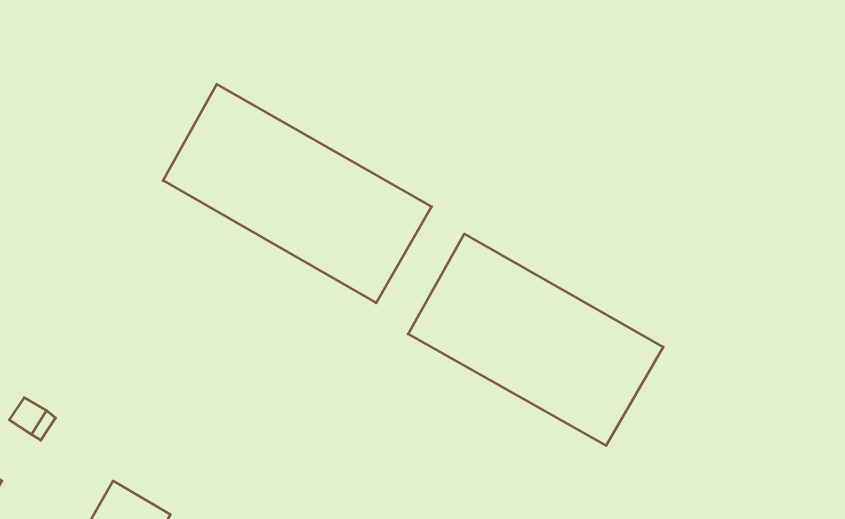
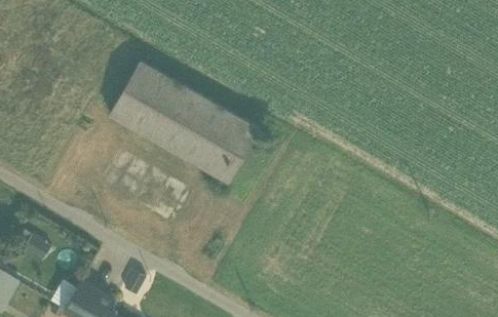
building: [408,234,663,446] -> none

